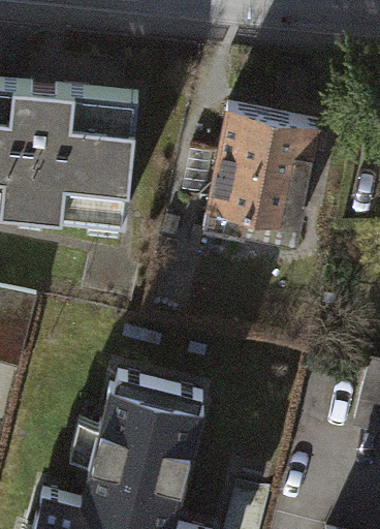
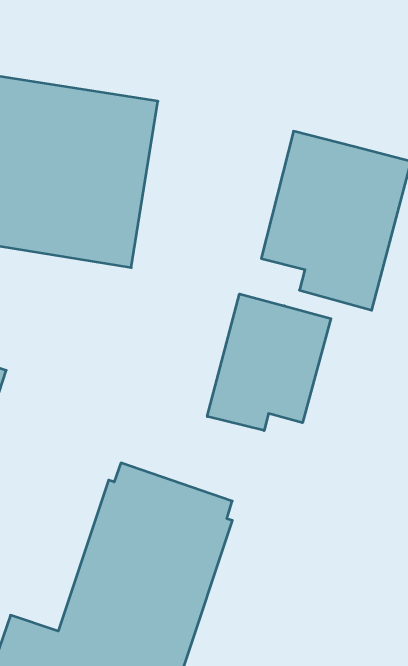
building: none -> [207,294,331,431]

